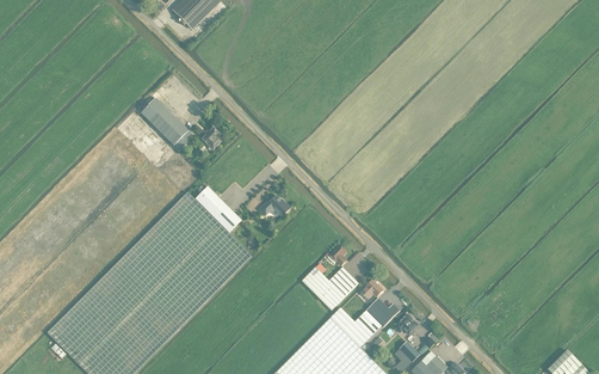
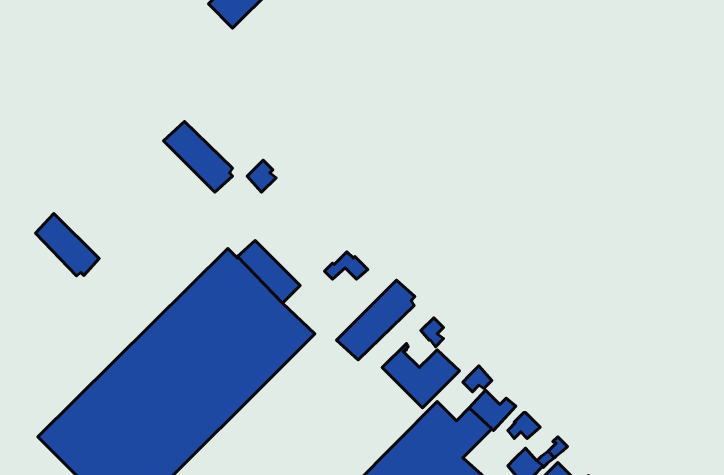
building: none -> [35,213,99,276]
building: none -> [337,280,415,360]

